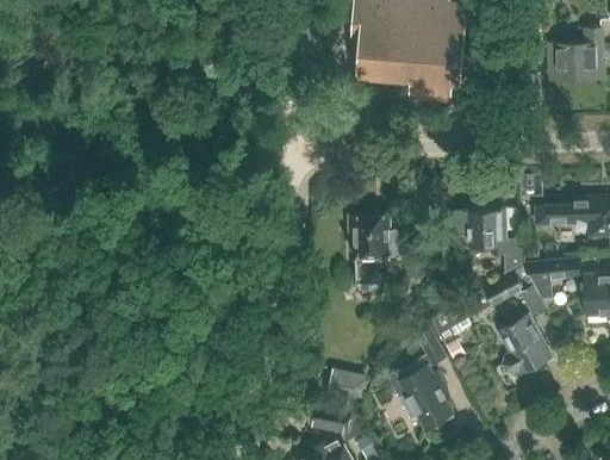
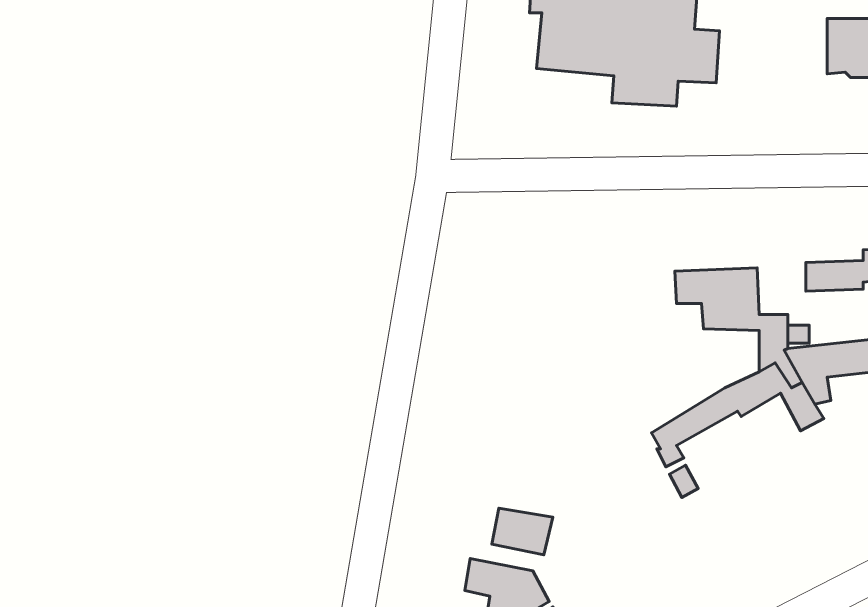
building: [349,216,411,285] -> none
building: [497,315,550,375] -> none
building: [394,328,453,429] -> none

